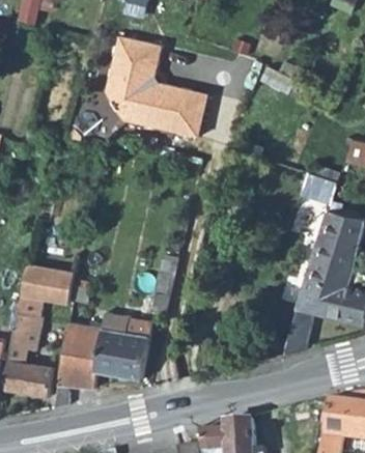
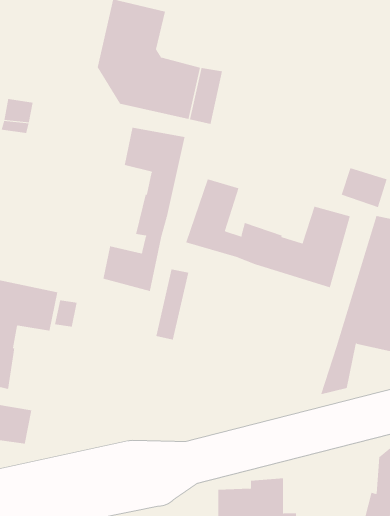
building: none -> [103,127,185,292]
building: none -> [185,179,351,288]
building: [53,313,150,407] -> none

